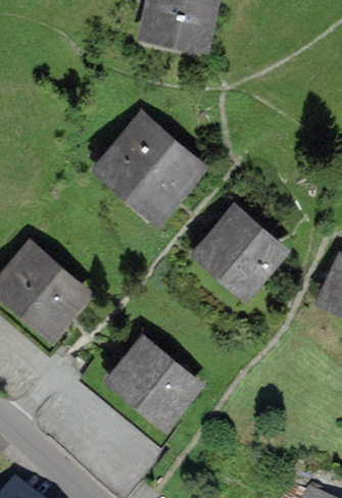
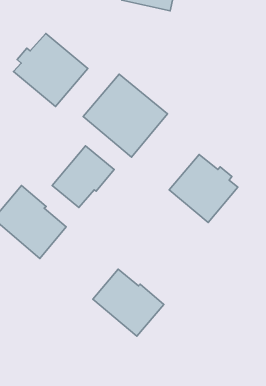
building: none -> [14,33,88,107]
building: none -> [52,146,114,208]

